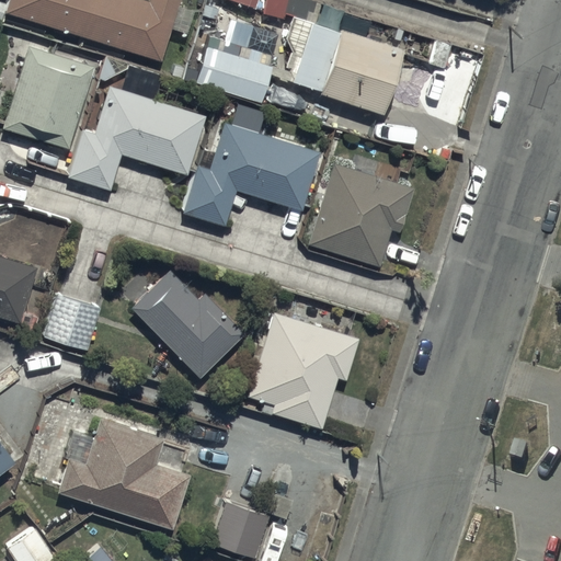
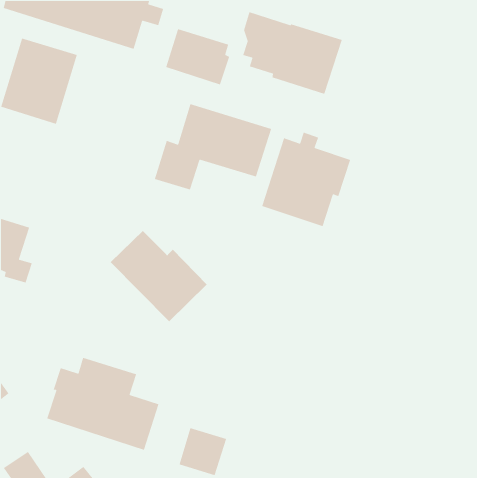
building: [68,68,206,190] -> none
building: [44,295,100,350] -> none
building: [249,313,358,427] -> none

